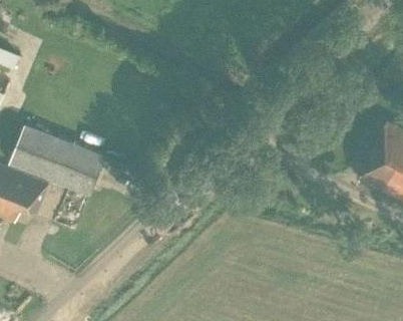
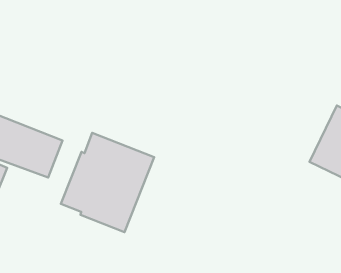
building: none -> [61,133,154,232]

